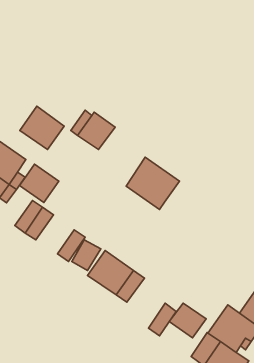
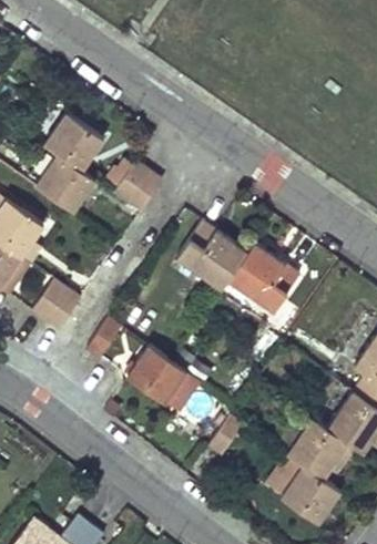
building: none -> [43,113,102,171]
building: [19,164,59,202] -> none
building: none -> [227,244,298,312]
building: [169,303,206,338] -> none

